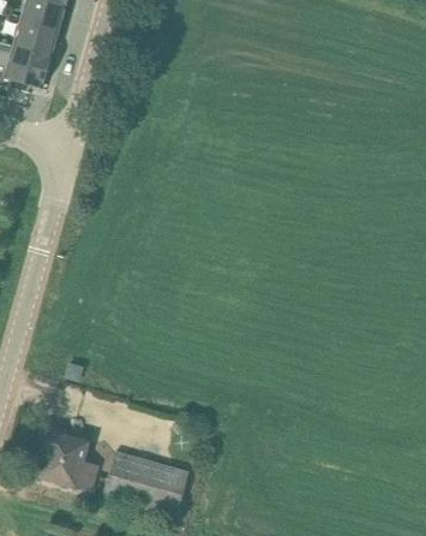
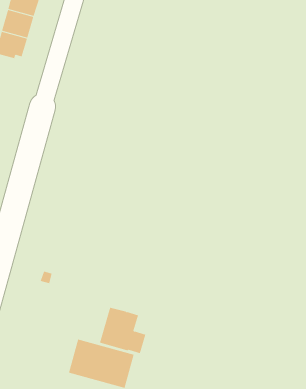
building: [37,429,98,490] -> [99,307,146,354]

